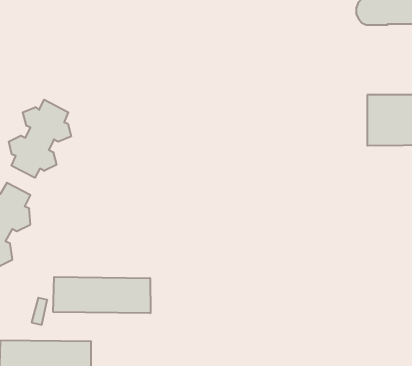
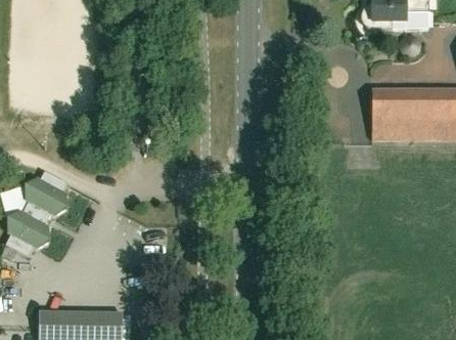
building: [9,100,71,178] -> none
building: [53,277,150,313] -> none

